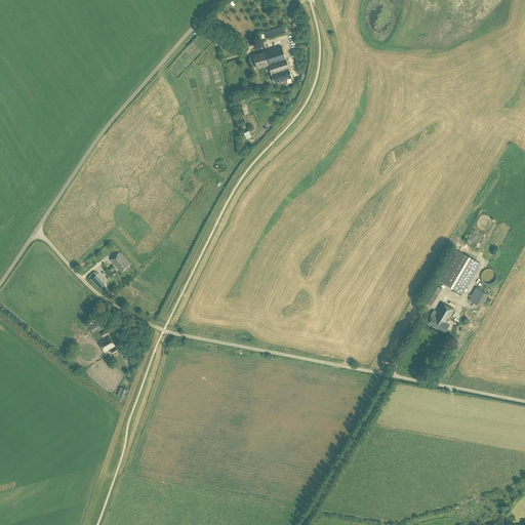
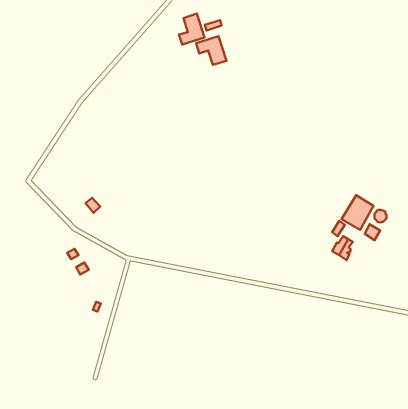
building: none -> [179,13,204,44]

